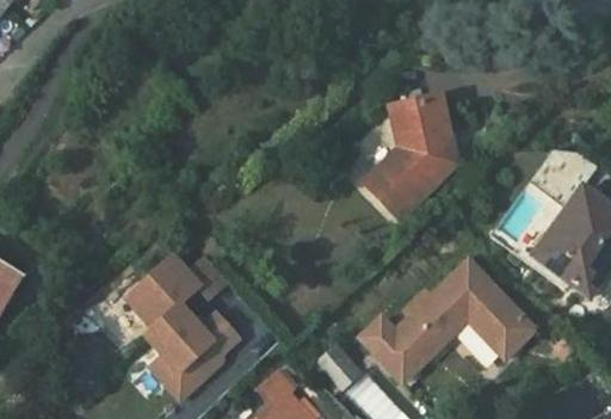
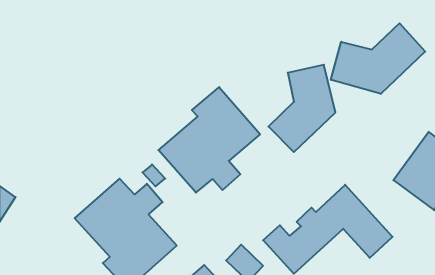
building: none -> [331,23,425,94]
building: none -> [158,87,260,193]

